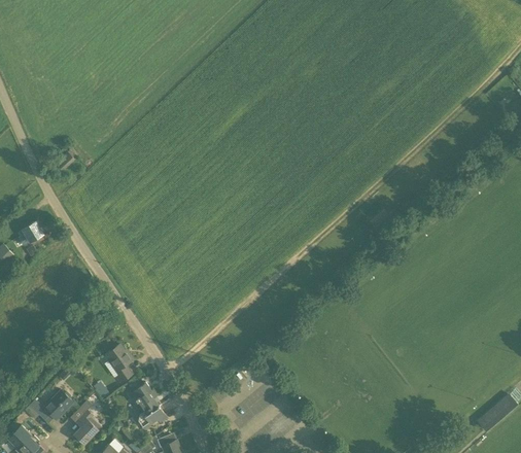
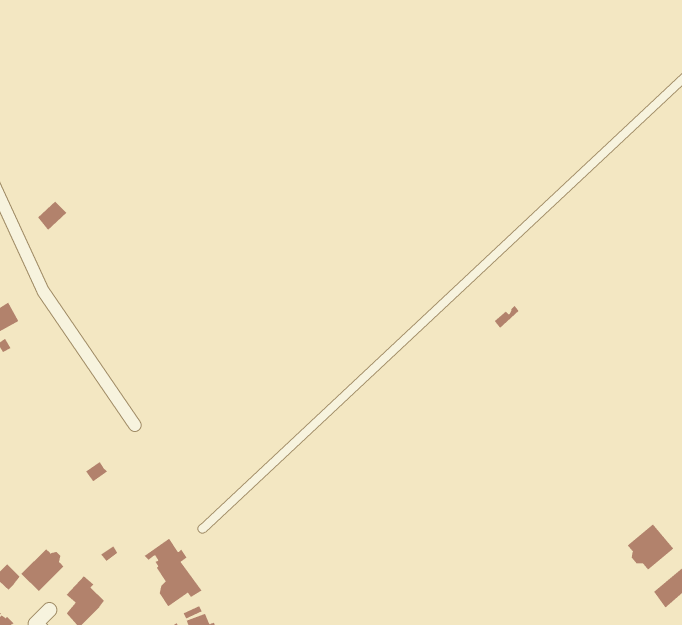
building: [104,344,133,384] -> none
building: none -> [627,523,674,571]

